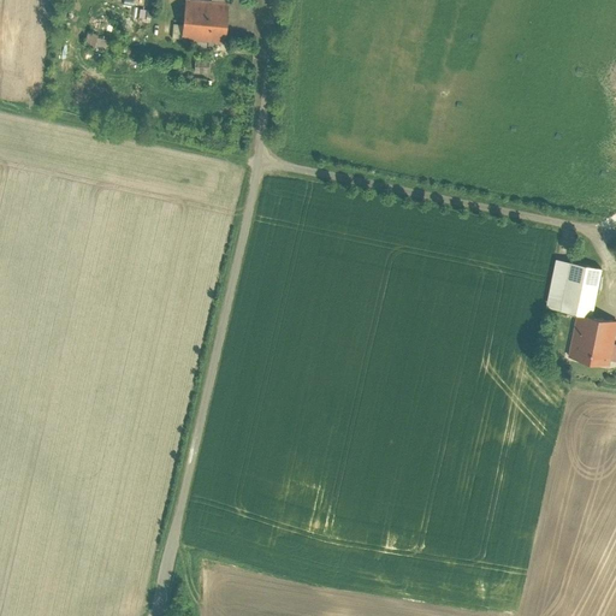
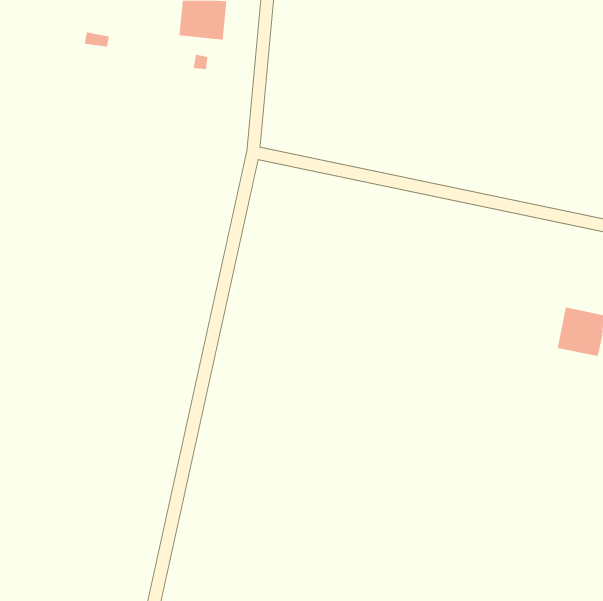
building: [545,259,600,316] -> none

